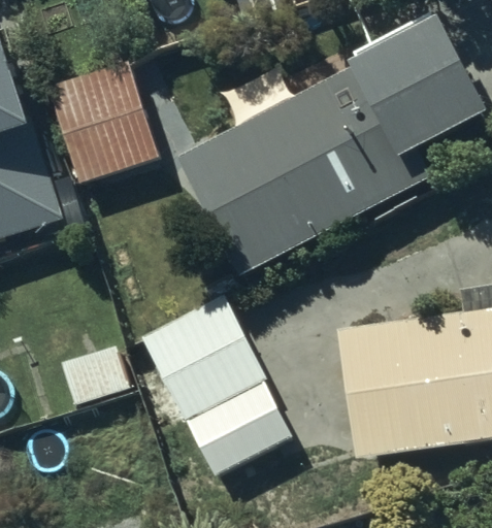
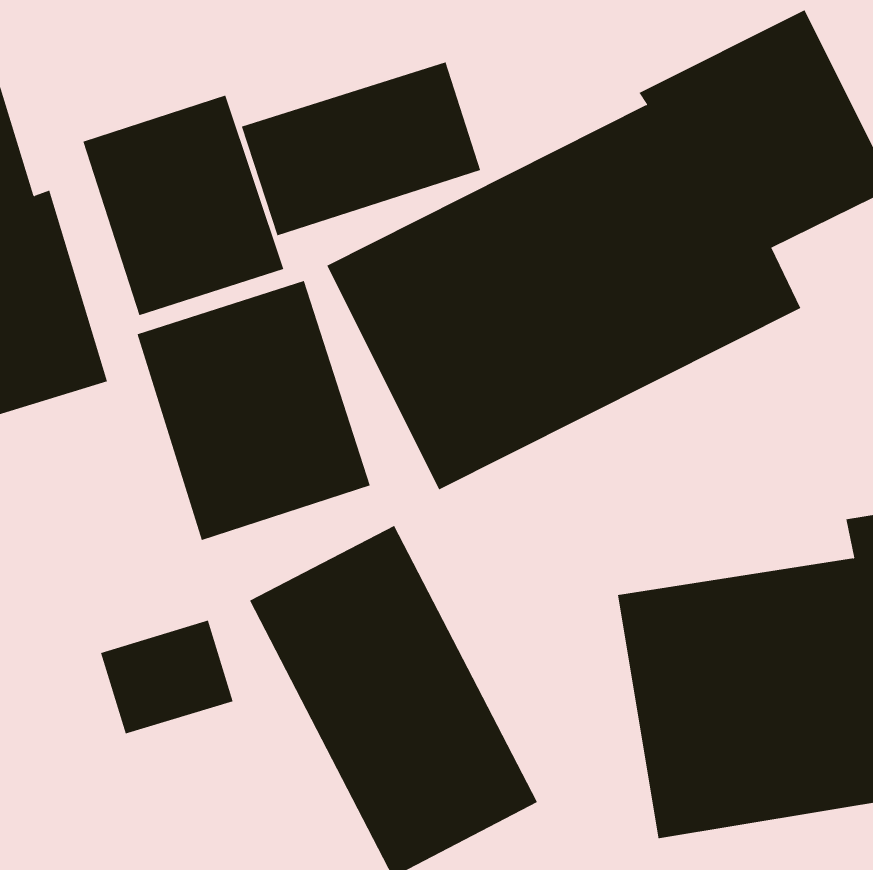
building: none -> [241,62,481,236]
building: none -> [137,280,370,541]

